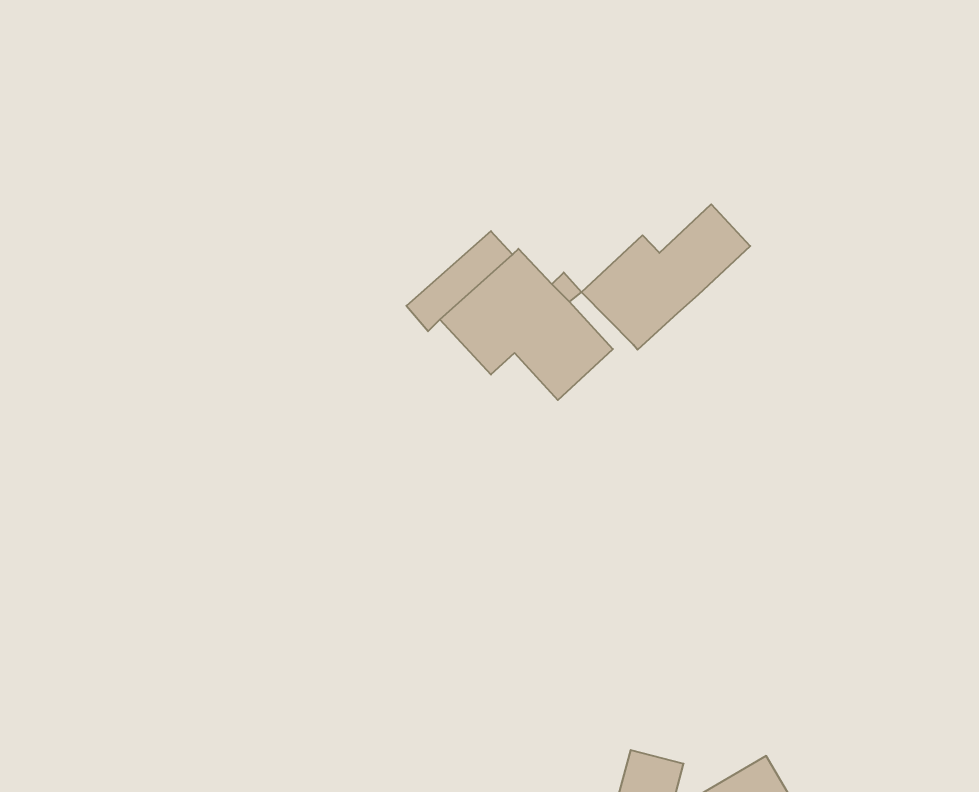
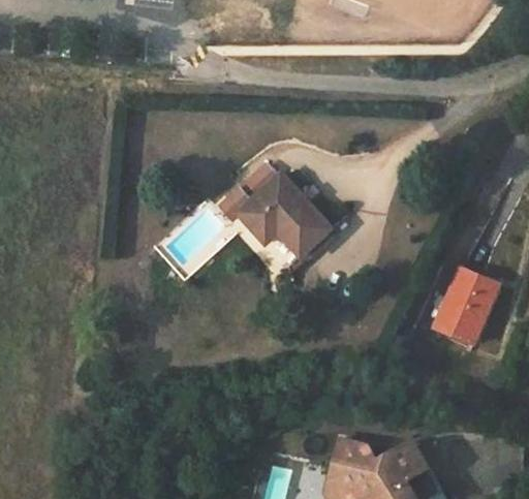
building: [581,204,750,350] -> none
building: none -> [434,269,496,344]

